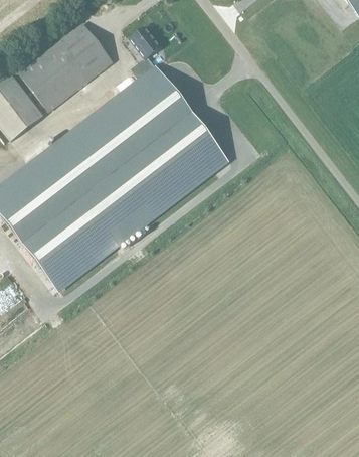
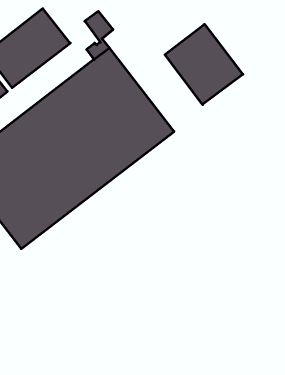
building: none -> [165,24,243,105]

